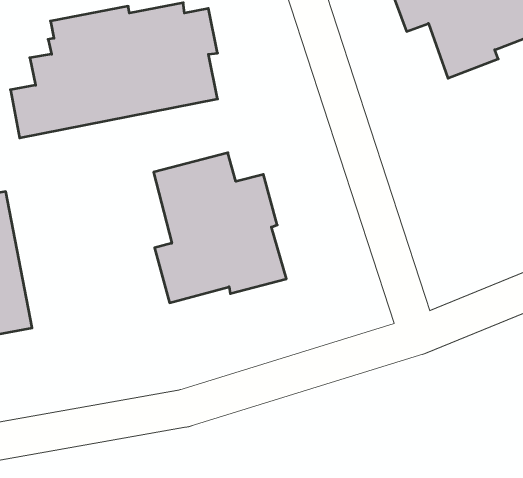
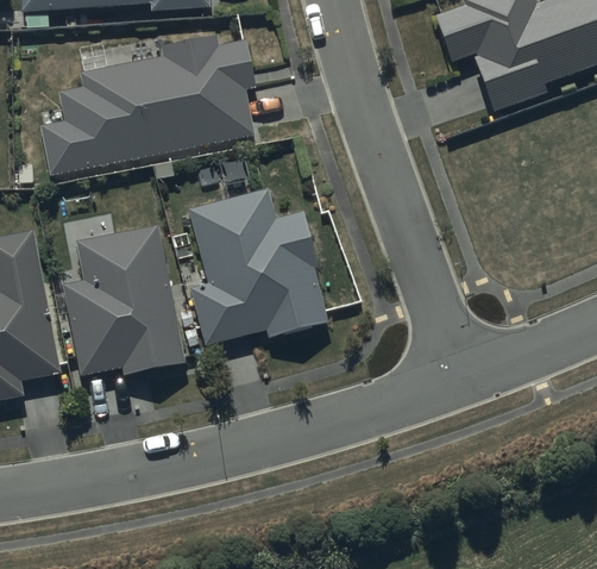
building: none -> [64,226,184,376]

